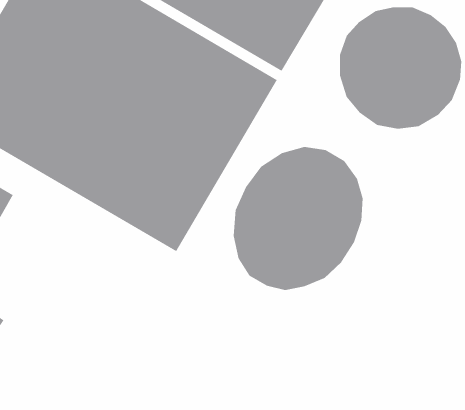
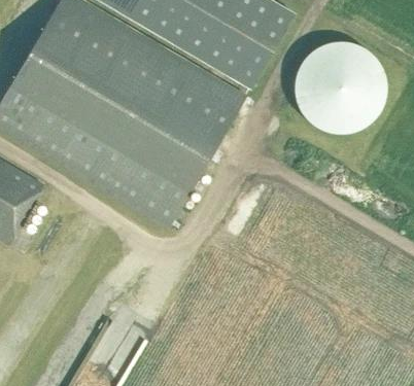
building: [233,146,363,291] -> none

